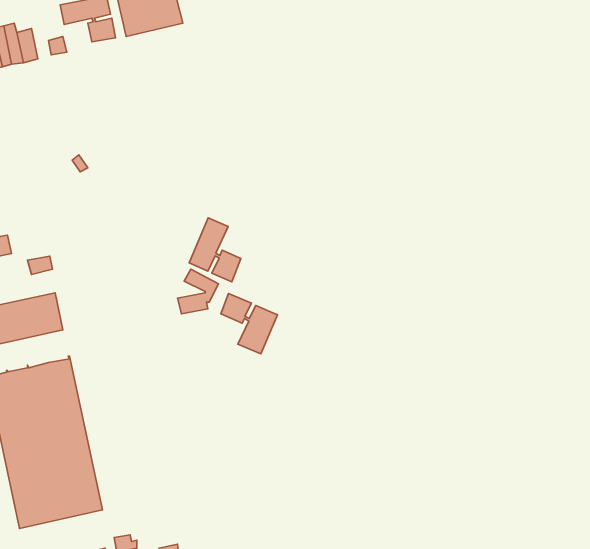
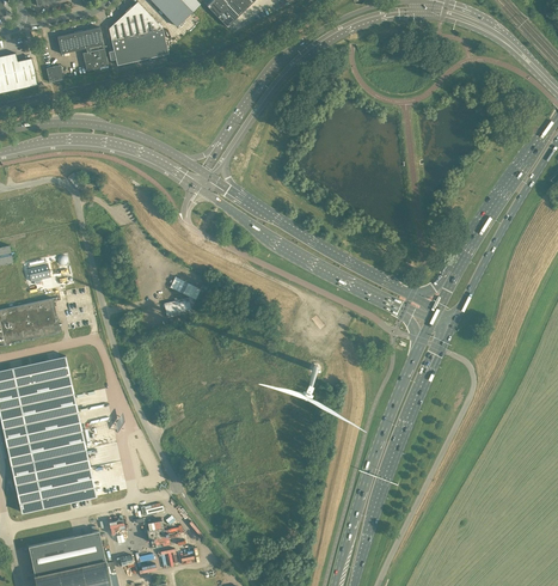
building: [189,218,241,282] -> none
building: [221,293,277,354] -> none

